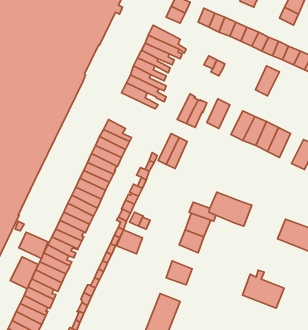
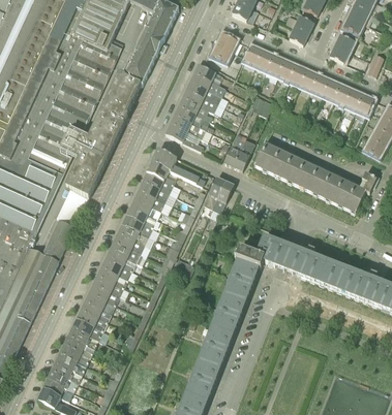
building: [256,66,279,96] -> [267,145,292,175]
building: none -> [152,147,205,185]
building: none -> [330,174,355,205]
building: [116,230,142,254] -> [218,290,245,315]
building: [19,232,48,258] -> none
building: [10,257,38,289] -> none
building: [242,270,284,308] -> [293,245,336,284]
building: none -> [206,324,233,349]

